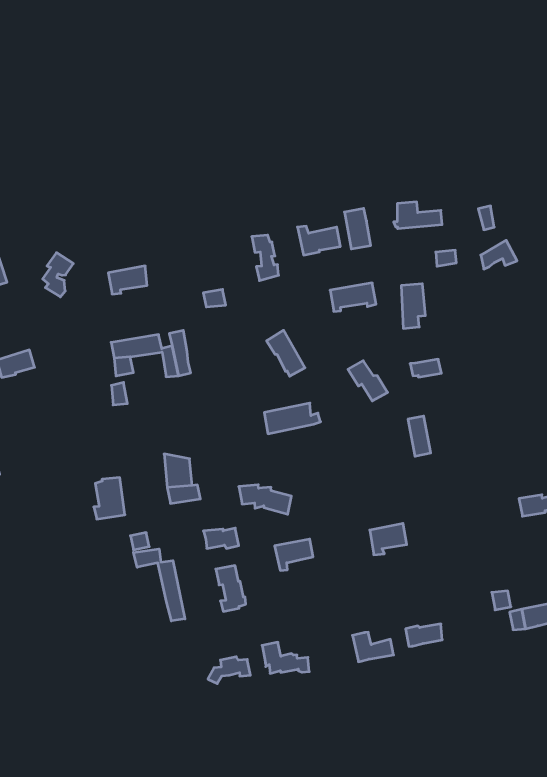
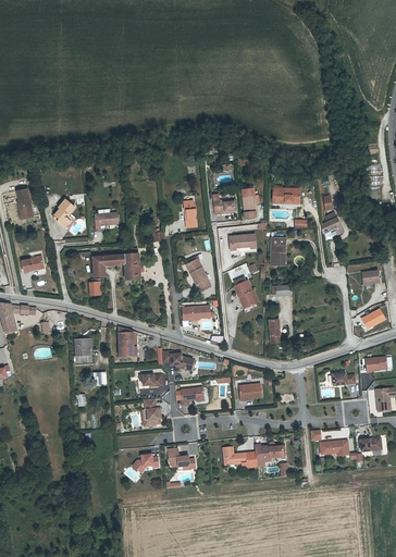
building: [133,549,185,621] -> none

